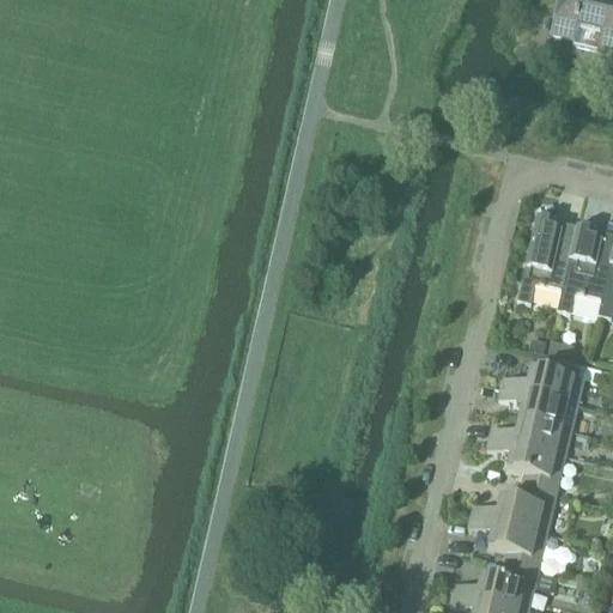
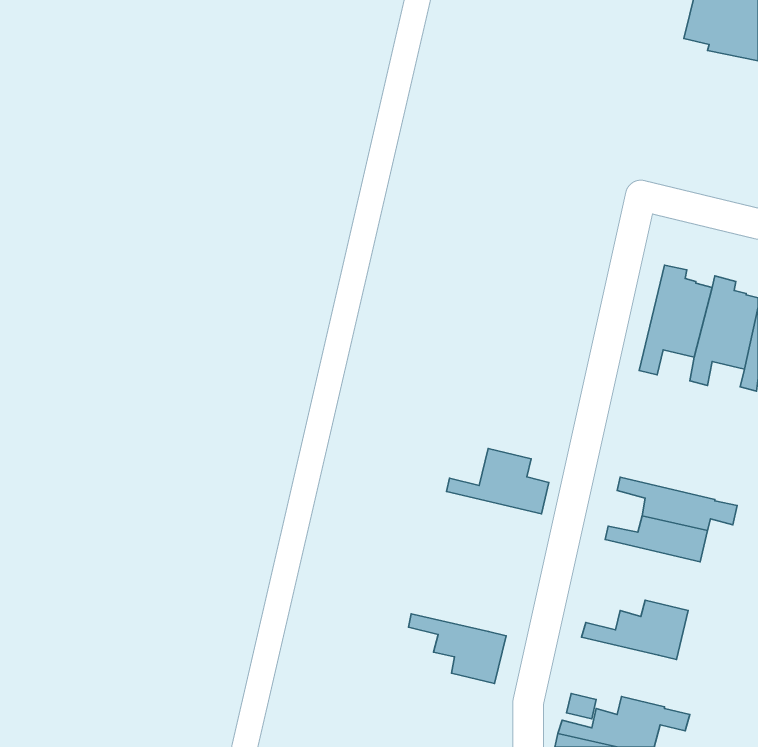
building: [500,351,583,403] -> [447,449,549,514]
building: [486,436,565,493] -> none
building: [467,515,546,571] -> [408,614,506,683]

